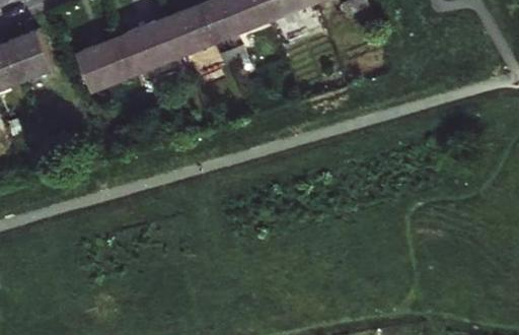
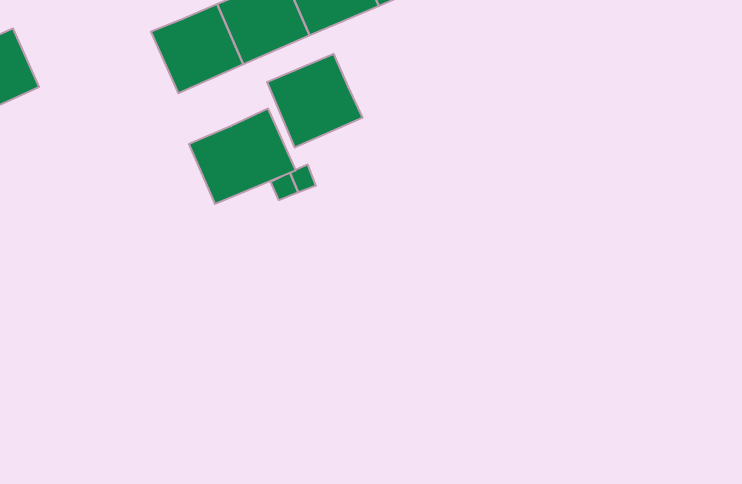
building: [76,34,143,93] -> [189,109,296,204]
building: none -> [267,54,362,148]

